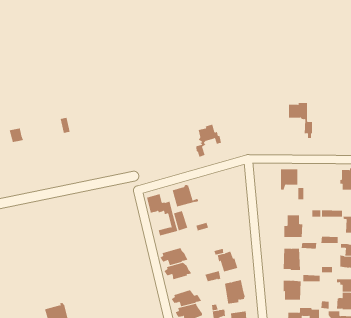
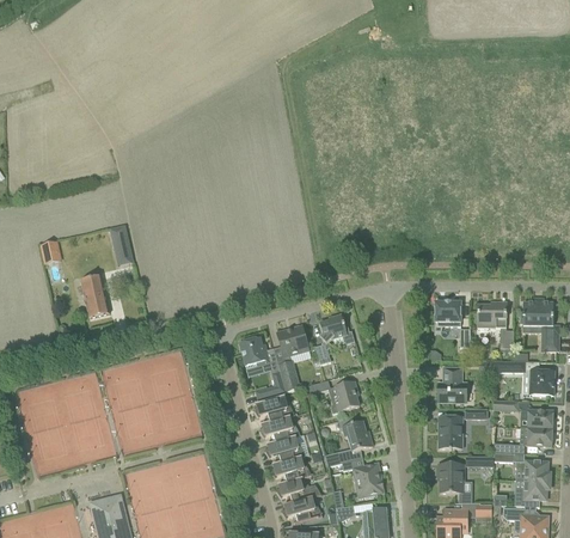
building: [288,103,313,139] -> [477,301,513,354]
building: [195,124,222,158] -> [315,313,354,362]
building: none -> [80,274,109,317]
building: none -> [333,380,358,410]
building: none -> [252,395,294,423]
building: none -> [269,456,311,484]

